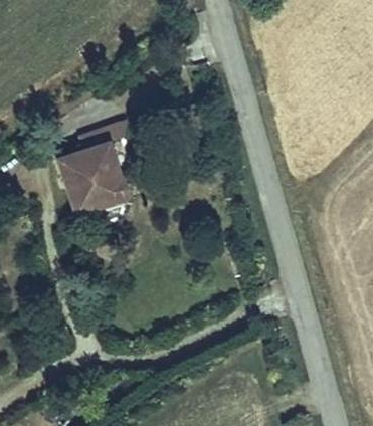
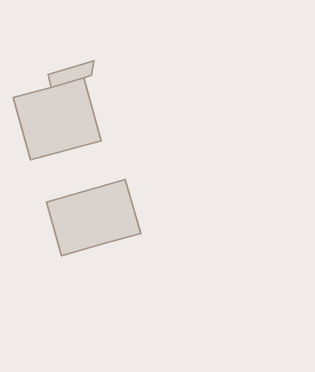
building: none -> [47,179,141,256]

